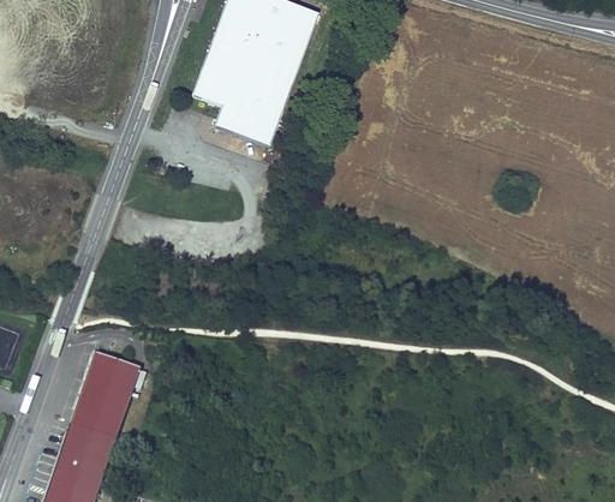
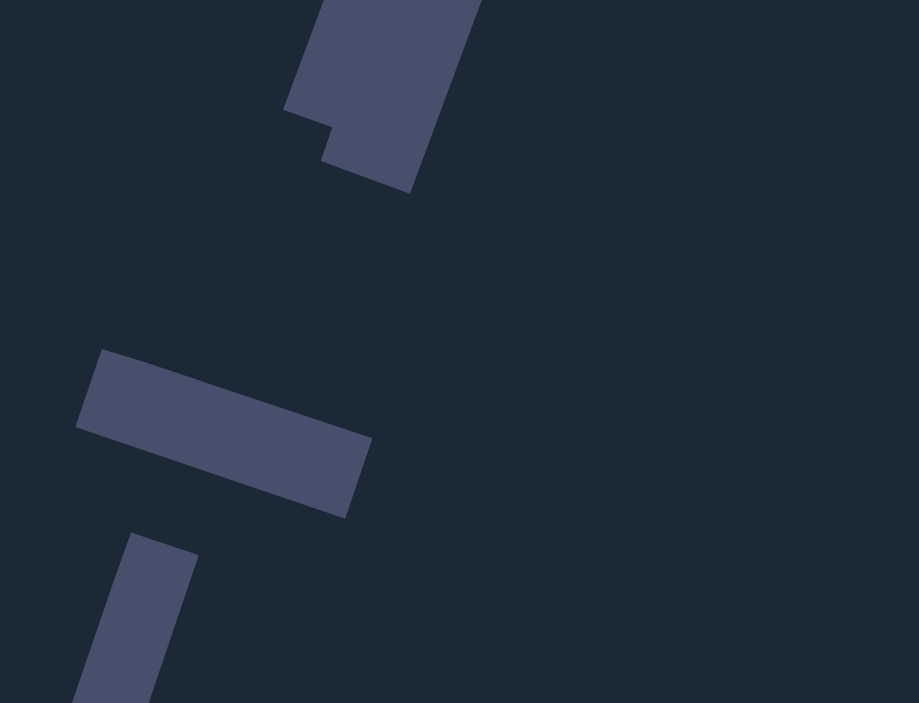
building: none -> [75,348,373,519]

